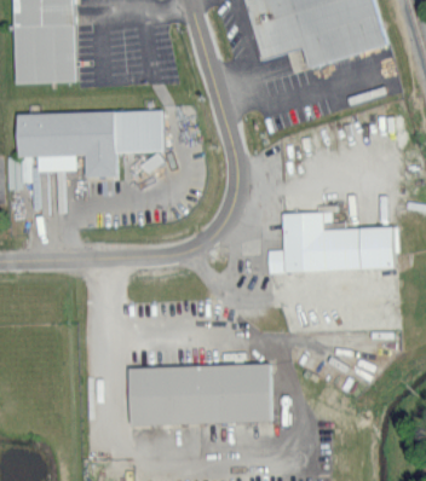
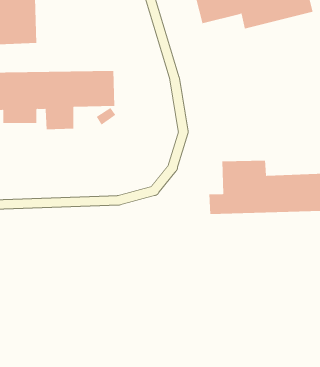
building: [127,363,271,424] -> none

